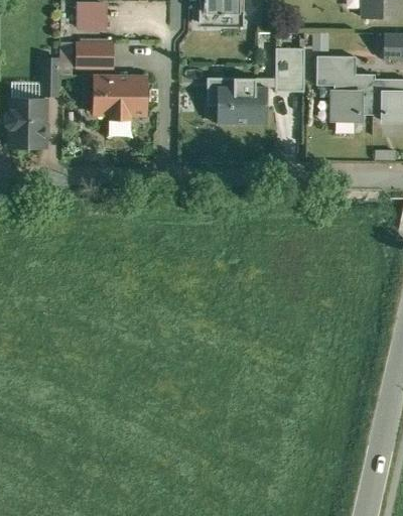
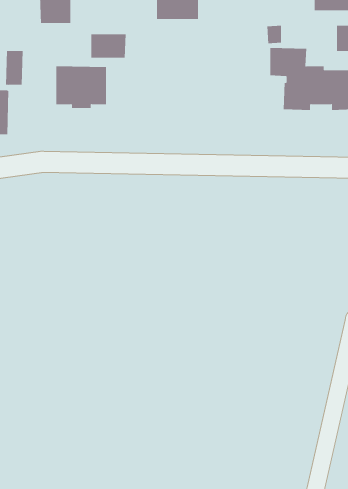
building: [76,41,113,67] -> [91,34,126,58]
building: [274,51,302,95] -> none
building: [216,88,265,130] -> none

